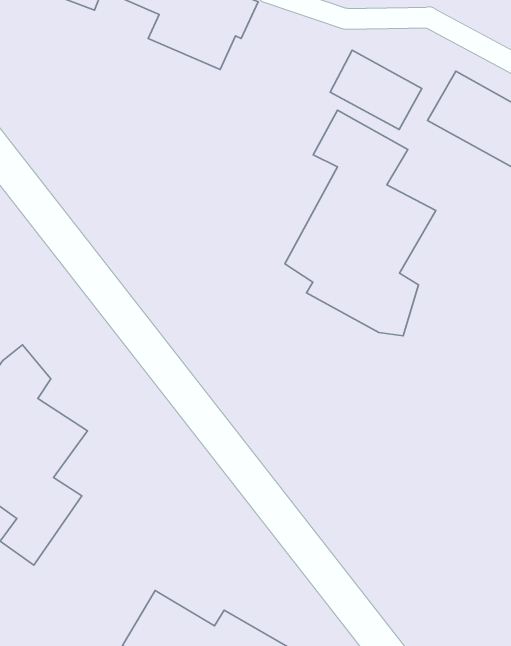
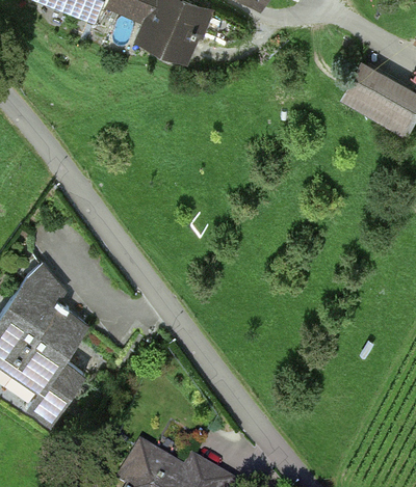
building: [330,50,422,129] -> none
building: [285,110,436,336] -> none

